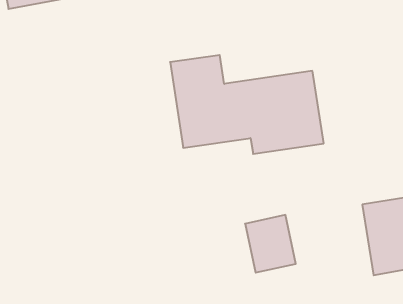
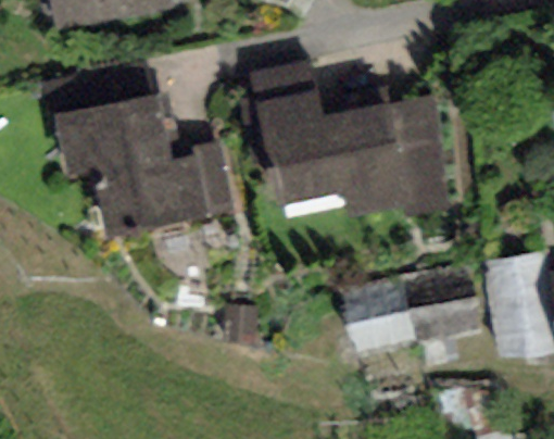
building: none -> [66,101,192,230]
building: none -> [399,268,484,346]

